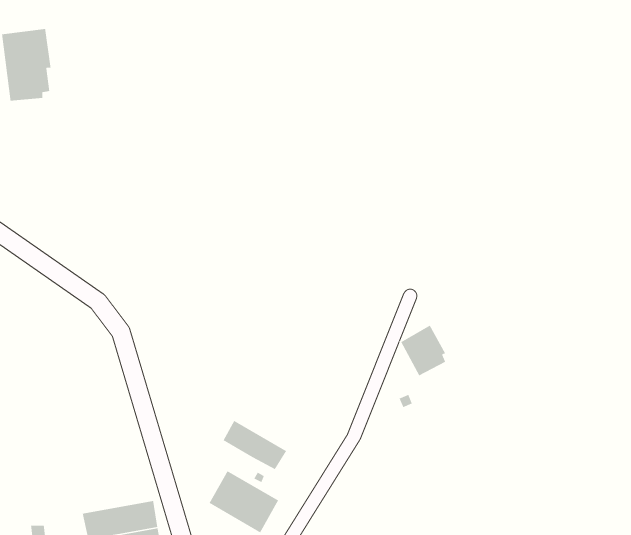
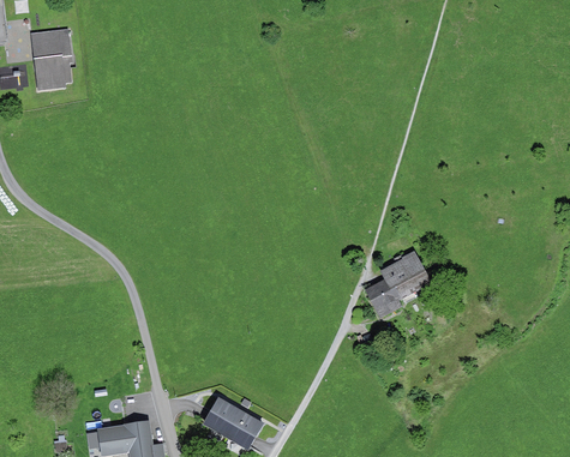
building: none -> [383,249,431,299]
building: [222,420,287,470] -> none

